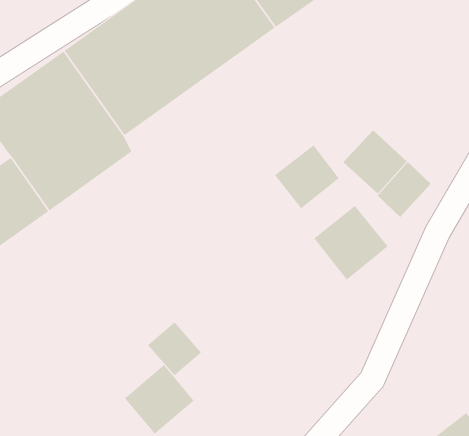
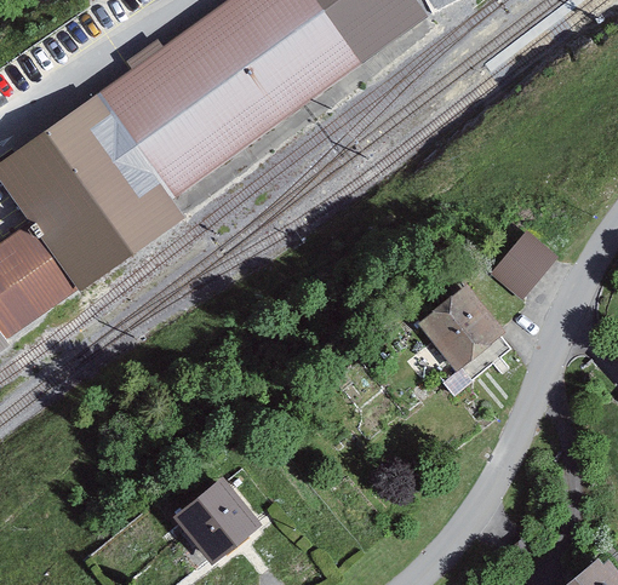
building: [343,130,408,194] -> none
building: [274,145,339,209] -> none
building: [147,322,202,376] -> none

